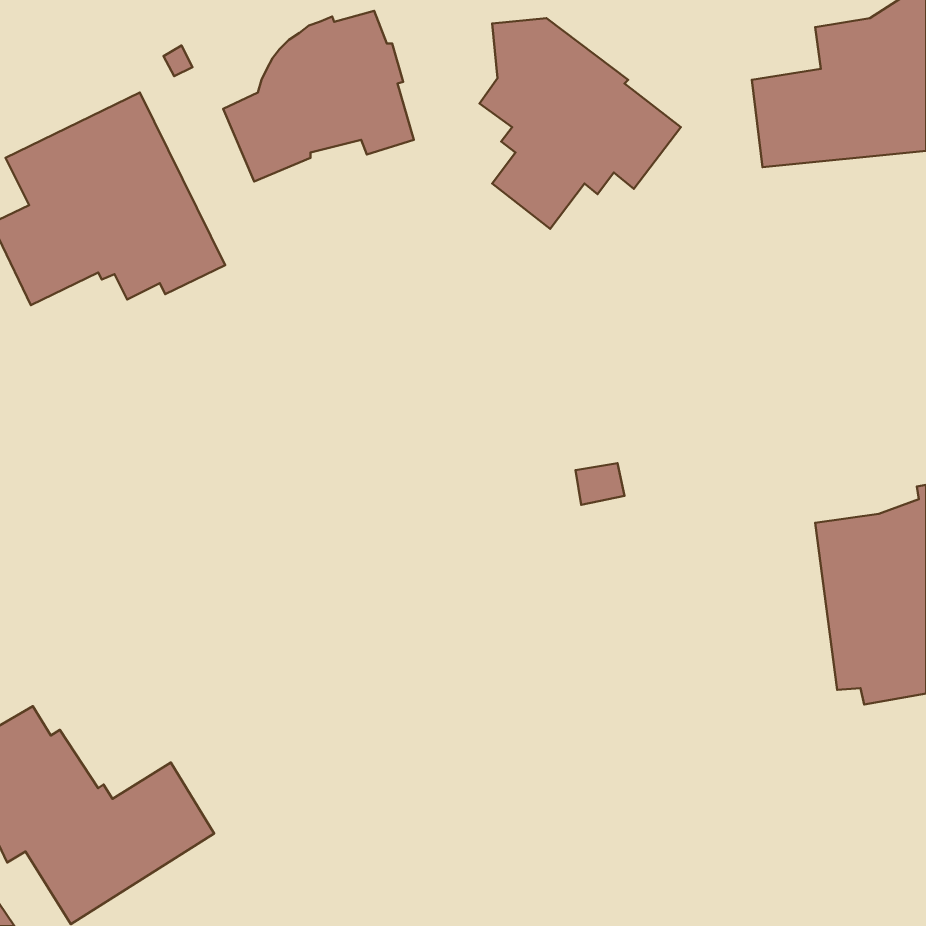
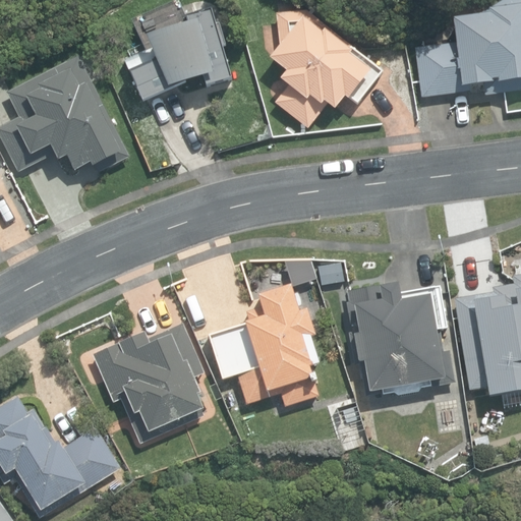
building: none -> [211,283,323,402]
building: none -> [346,285,456,394]
building: none -> [93,324,205,444]

